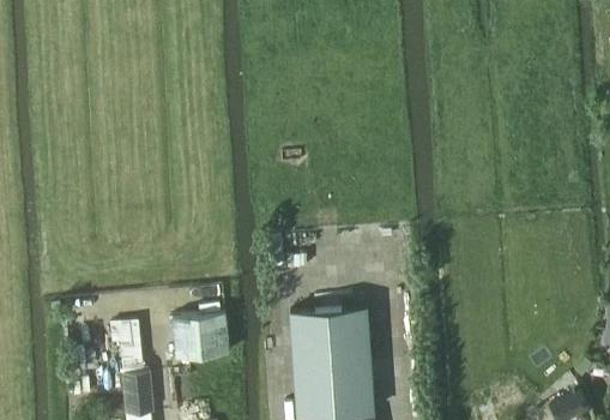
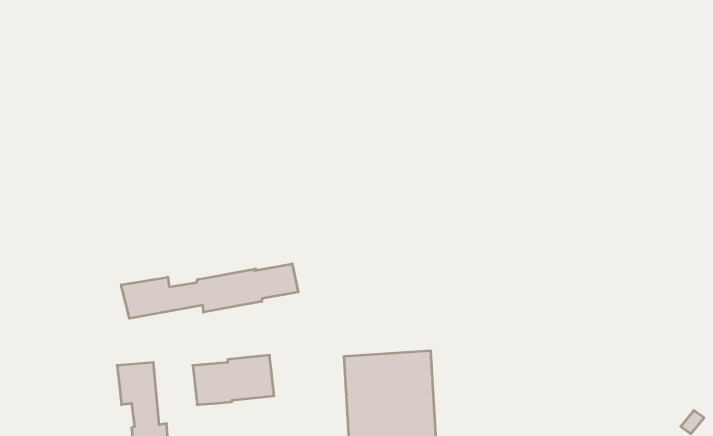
building: none -> [121,264,298,318]

